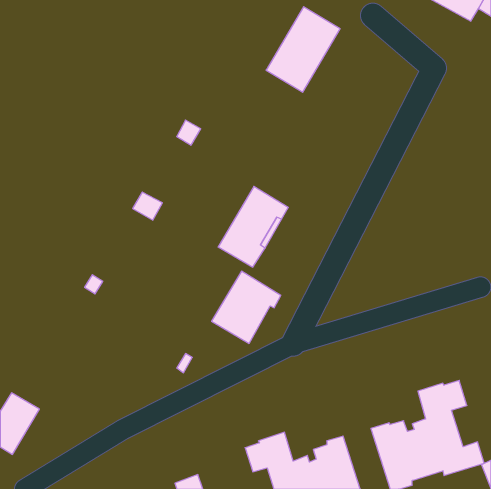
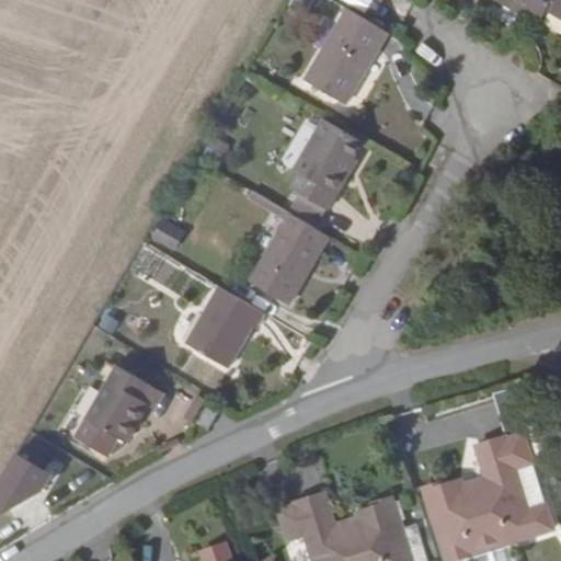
building: none -> [290,118,364,210]
building: [212,271,281,343] -> [185,286,264,368]
building: none -> [73,365,162,457]

